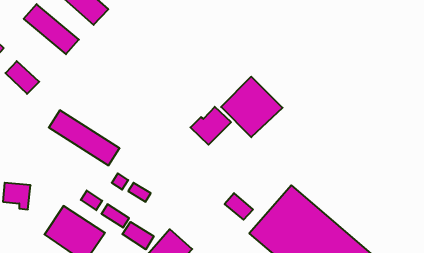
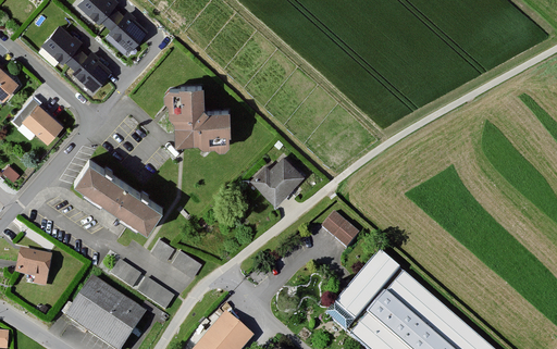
building: none -> [166,86,227,144]
building: [221,77,283,137] -> none
building: [225,193,253,220] -> [323,212,359,246]
building: [122,222,154,249] -> none

